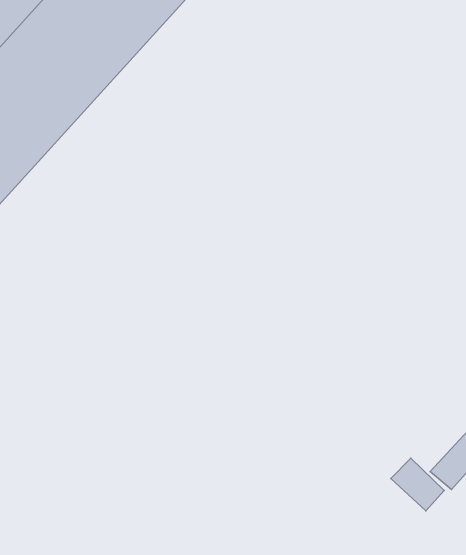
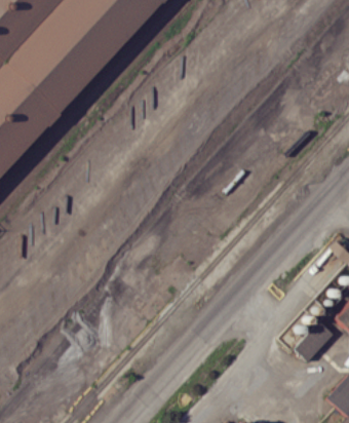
building: [391,458,444,511] -> none

